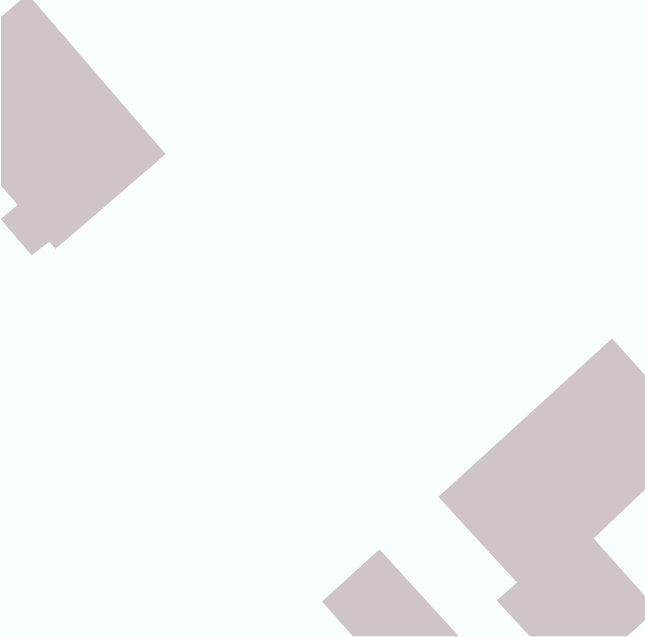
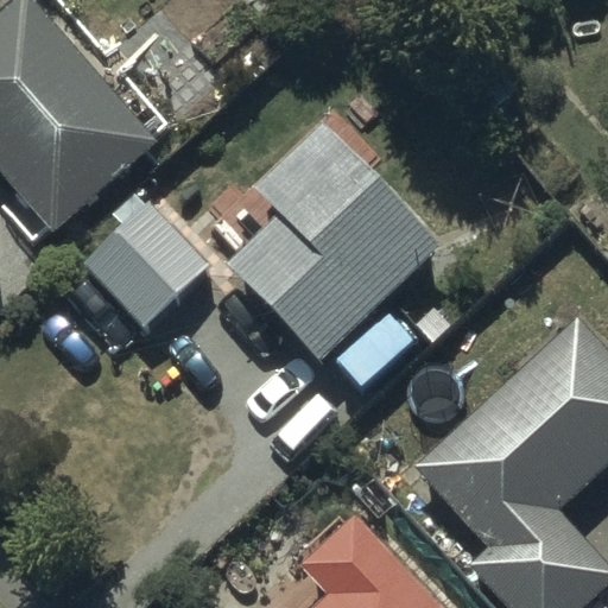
building: none -> [229,126,439,360]
building: none -> [84,201,210,327]

